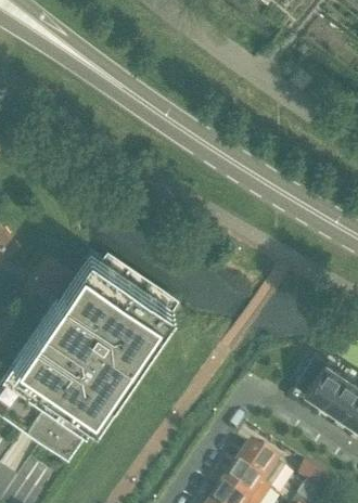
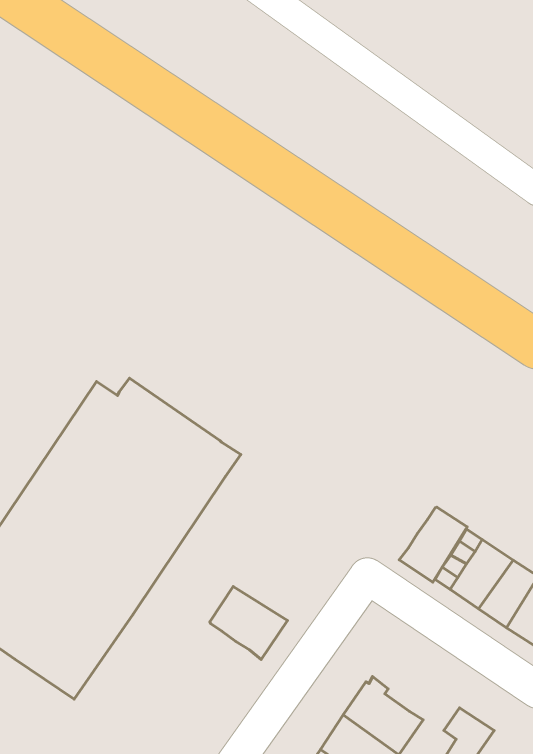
building: none -> [399,507,467,582]
building: none -> [210,587,288,659]

